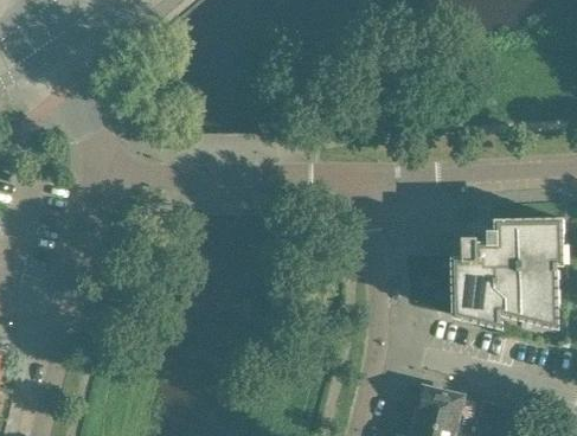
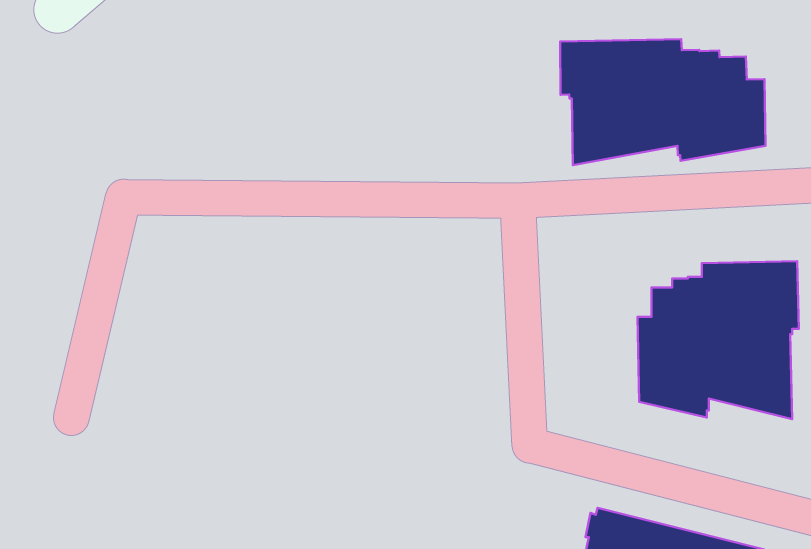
building: none -> [560,39,766,165]

